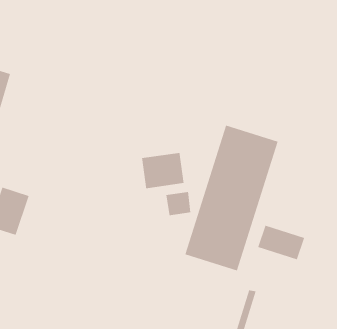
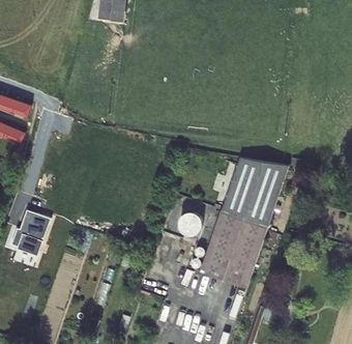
building: [142,152,184,189] -> none
building: [258,225,305,260] -> none

